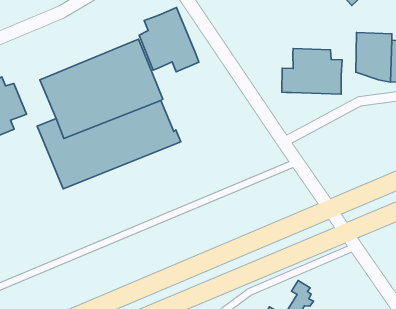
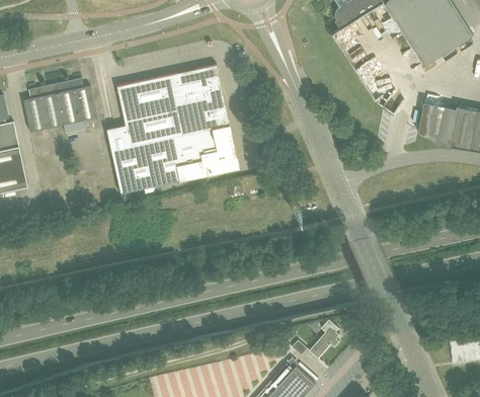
building: [139,7,199,72] -> none
building: [282,48,342,94] -> none

